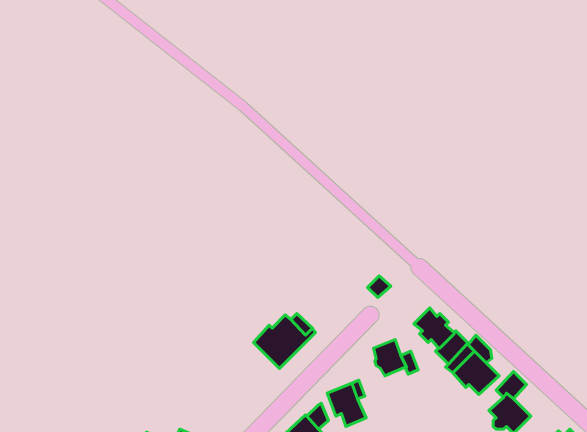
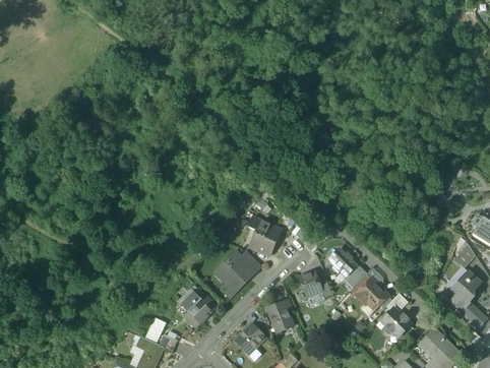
building: none -> [248,219,280,256]
building: none -> [181,289,217,324]

